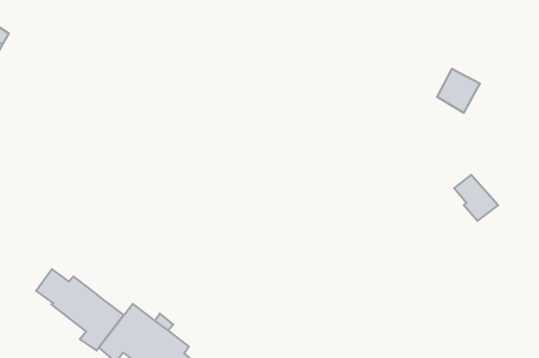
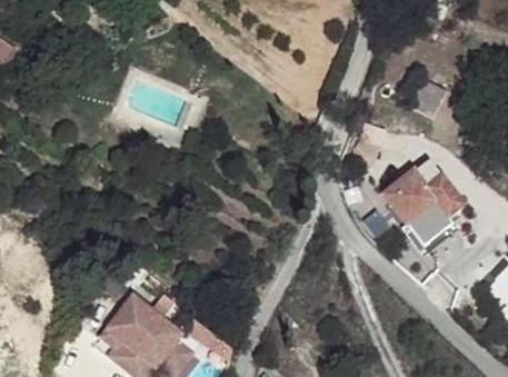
building: none -> [380,173,436,227]
building: [36,269,123,351] -> none

